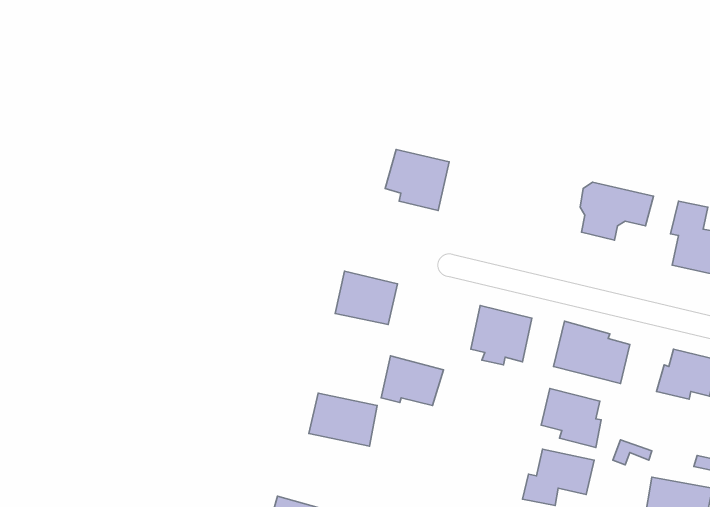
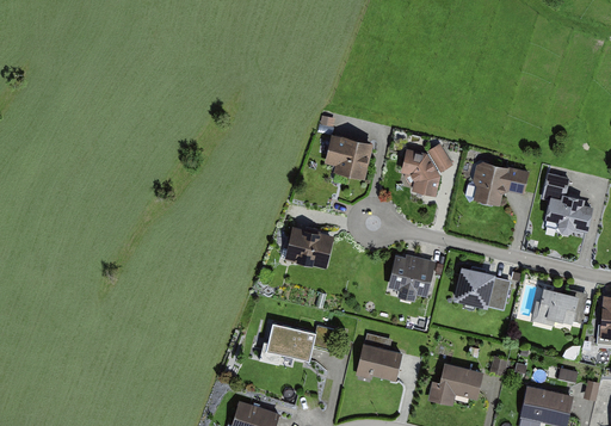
building: none -> [400,146,451,198]
building: [381,356,443,406] -> [356,342,403,381]
building: [541,388,601,447] -> none

